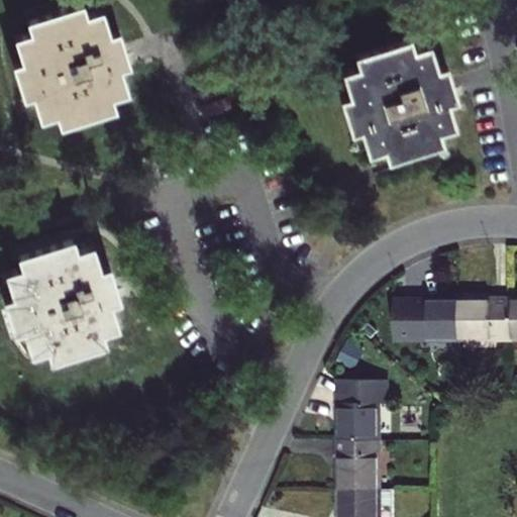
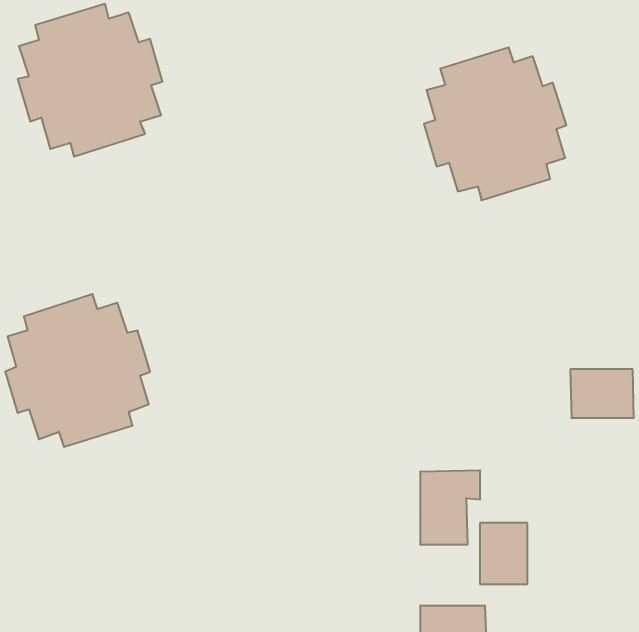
building: [396,304,461,343] -> none
building: [339,445,378,495] -> [480,523,527,584]

